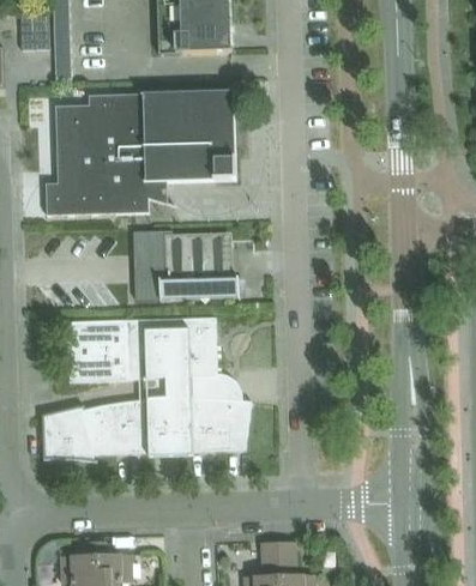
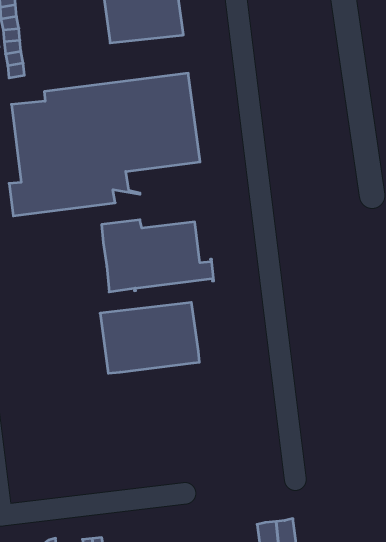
building: [68,320,127,381] -> none
building: [43,377,253,461] -> none

